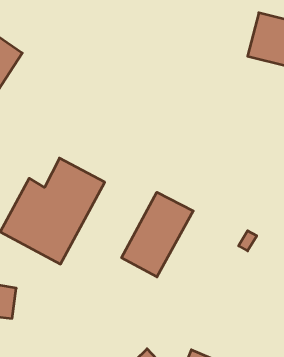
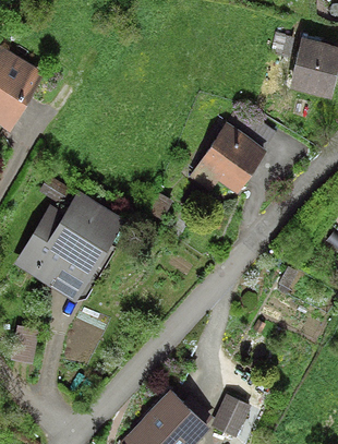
building: none -> [194,122,264,194]
building: [122,192,193,277] -> none

